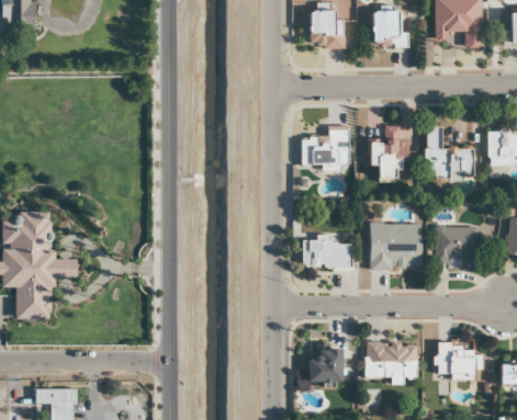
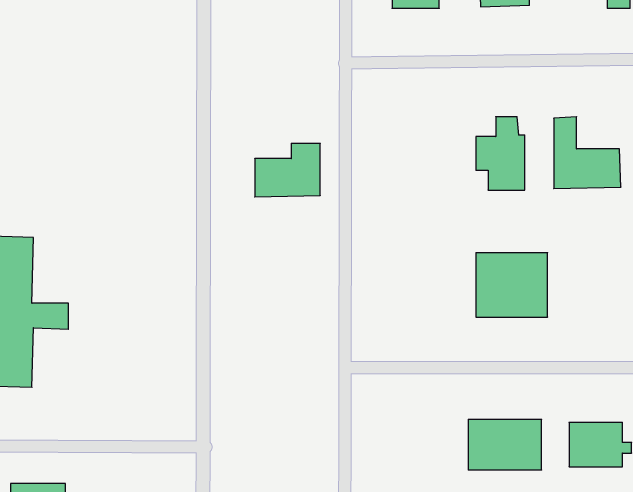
building: [302,126,349,164] -> [255,143,320,197]
building: [435,228,476,262] -> none
building: [303,240,352,268] -> none
building: [310,350,342,382] -> none

